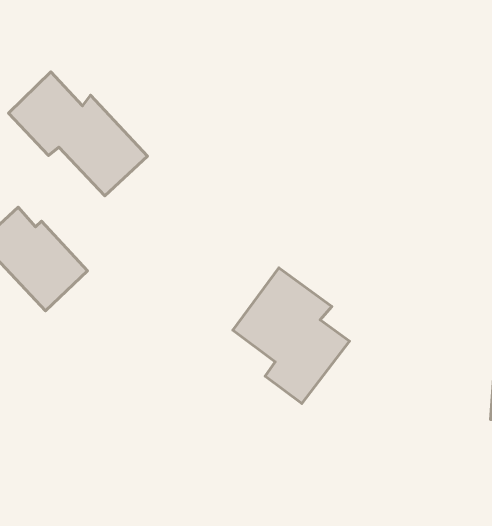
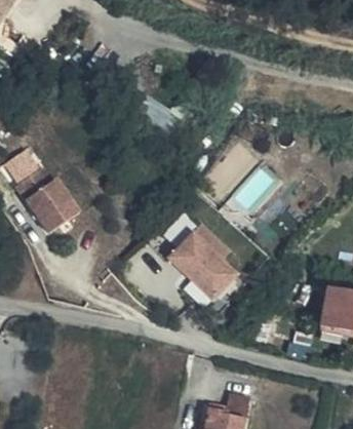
building: [9,72,147,196] -> none

